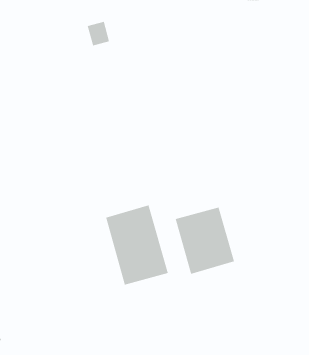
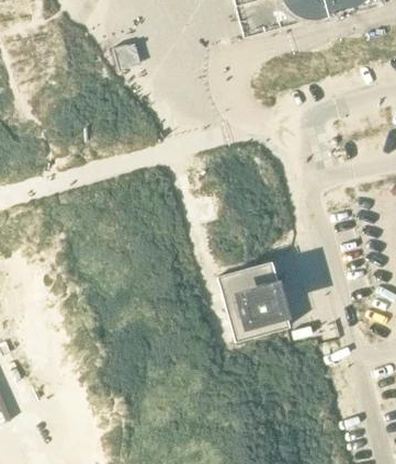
building: [105,204,168,285] -> none

